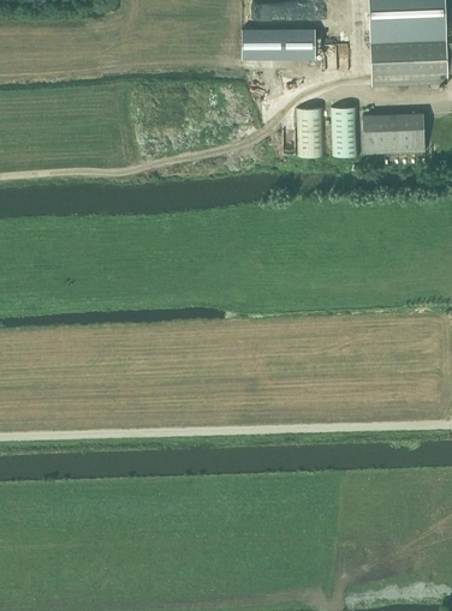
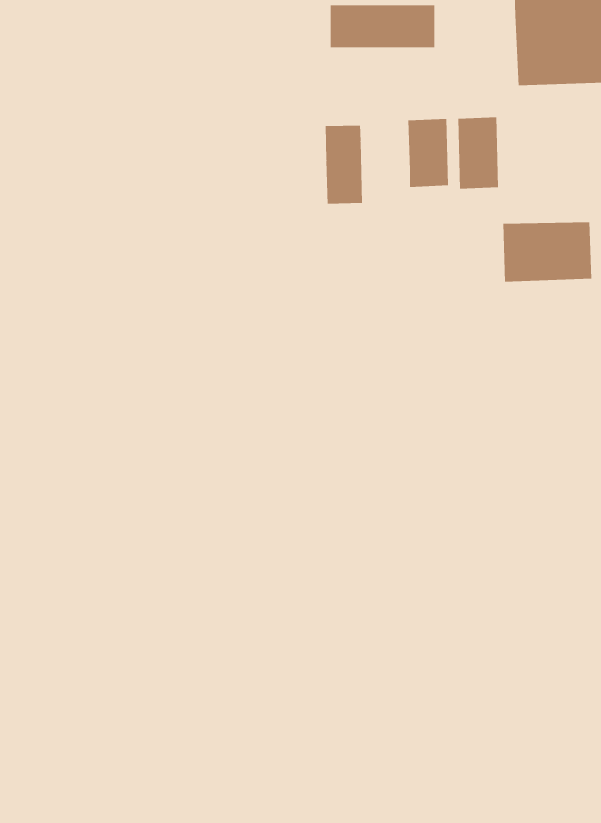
building: none -> [325,125,363,205]
building: [362,113,424,155] -> [502,222,592,282]

